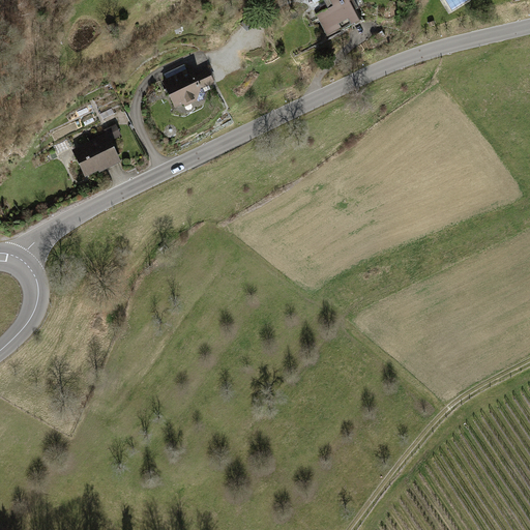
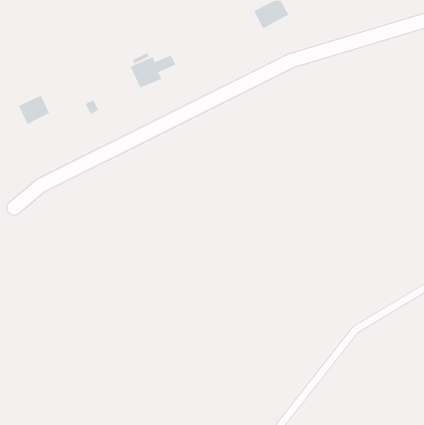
building: [78,140,117,177] -> [18,95,50,125]

